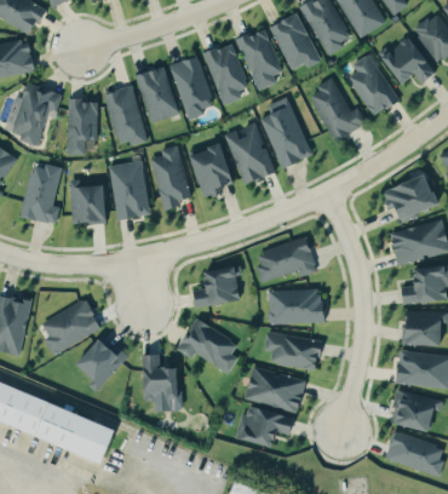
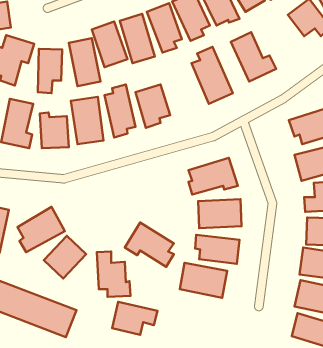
building: [348,54,398,116] -> none
building: [224,121,274,184] -> none
building: [191,265,241,308] -> none
building: [236,406,293,447] -> [112,302,158,335]

